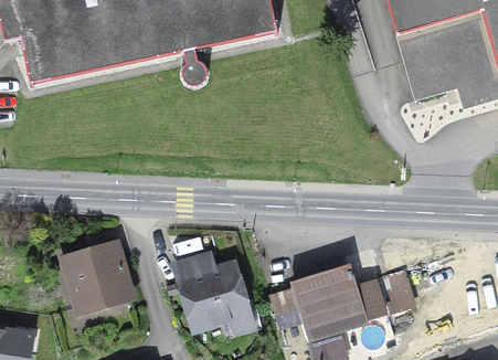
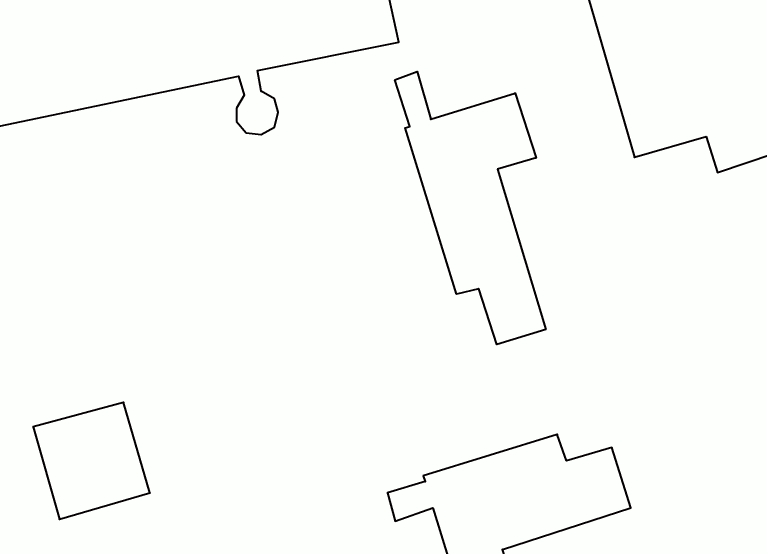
building: none -> [395,72,546,344]
building: [178,255,247,327] -> none

